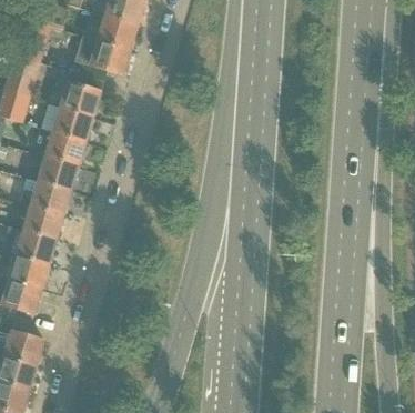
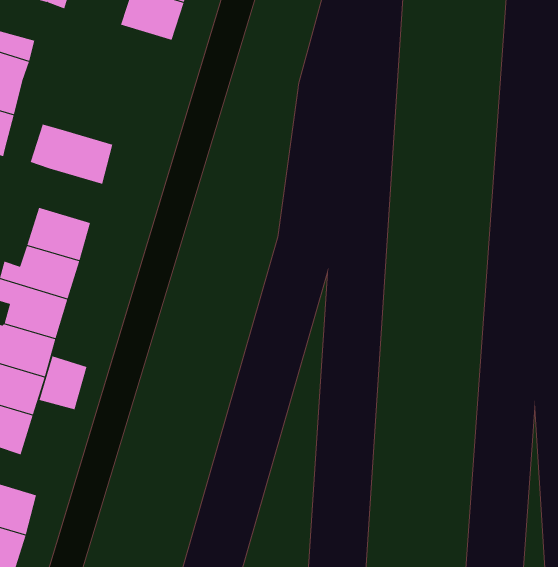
building: [75,33,131,73] -> none
building: [60,79,101,114] -> none
building: [45,130,87,164] -> none
building: none -> [39,355,87,410]

